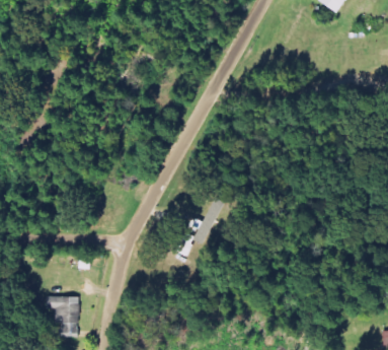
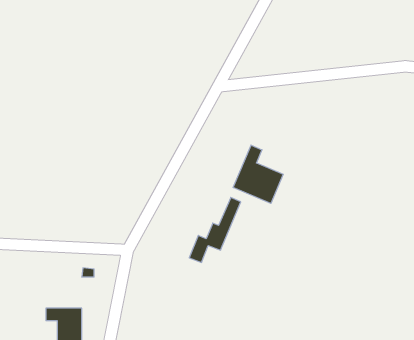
building: none -> [233,145,283,203]

